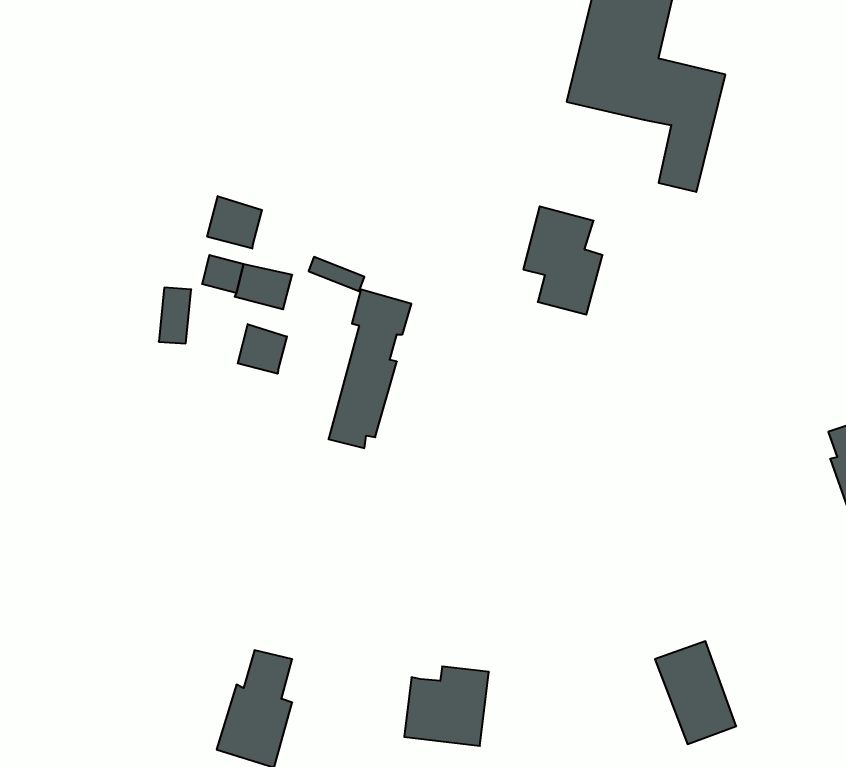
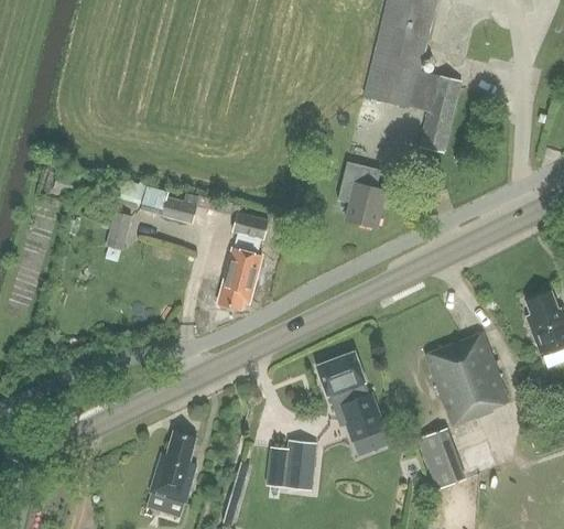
building: [207,196,262,249] -> none
building: [238,324,287,374] -> none
building: none -> [425,333,509,427]
building: none -> [316,352,388,443]

